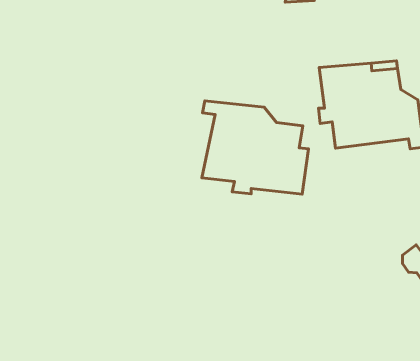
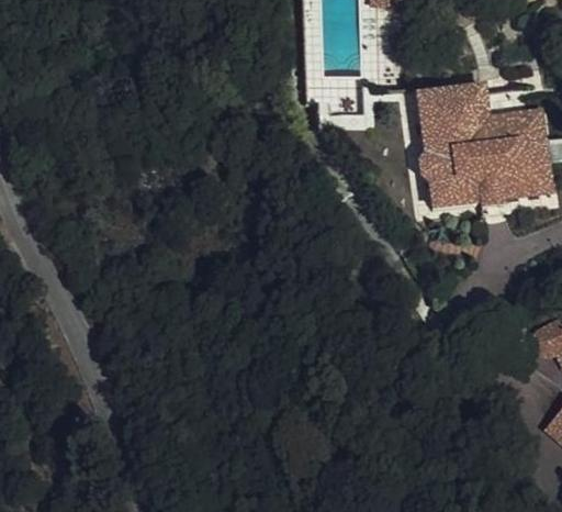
building: [202,101,309,194] -> none

